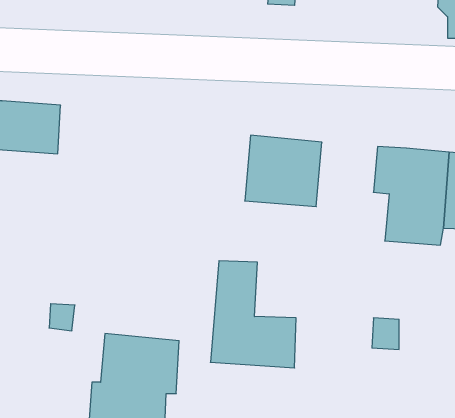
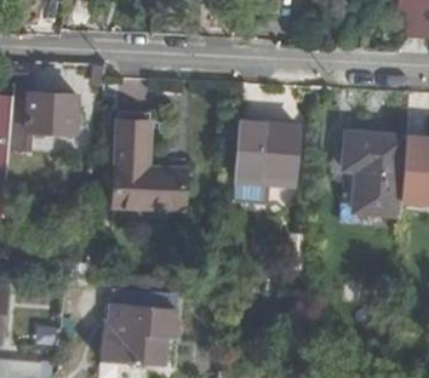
building: [210,261,296,368] -> [111,118,184,208]

